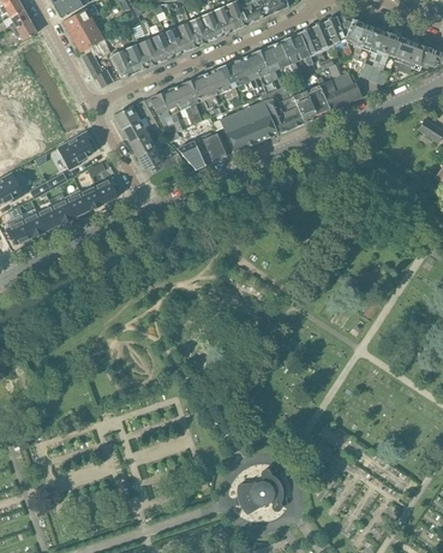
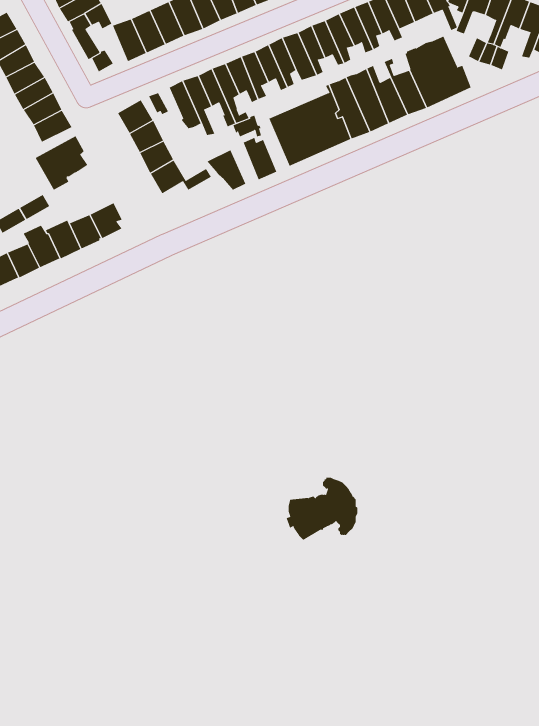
building: [235,468,286,512] -> [286,477,358,541]

